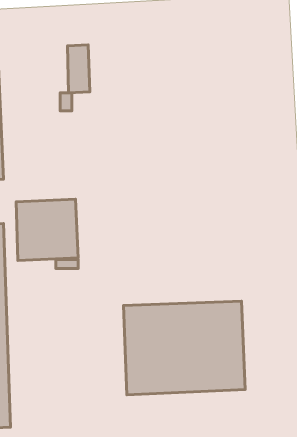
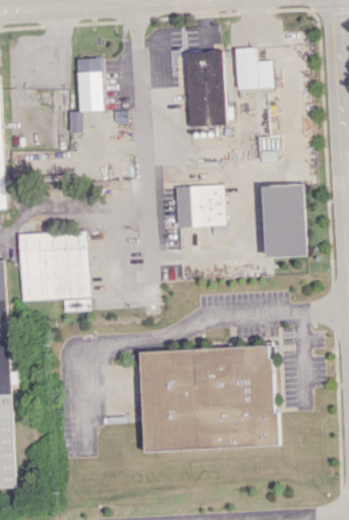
building: none -> [235,48,273,88]
building: none -> [187,51,225,127]
building: none -> [264,184,305,258]
building: none -> [176,185,226,234]

